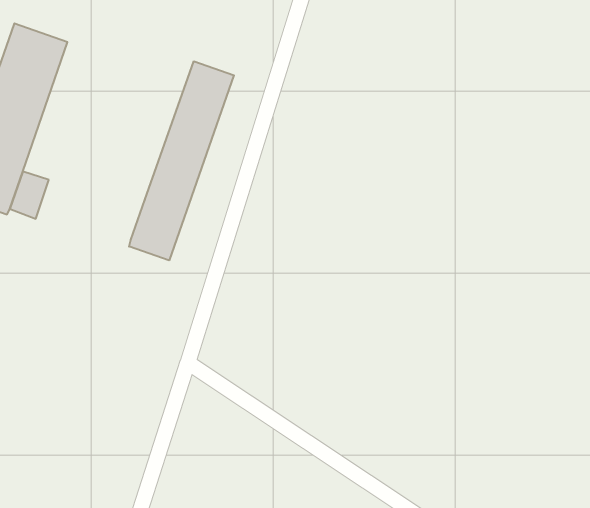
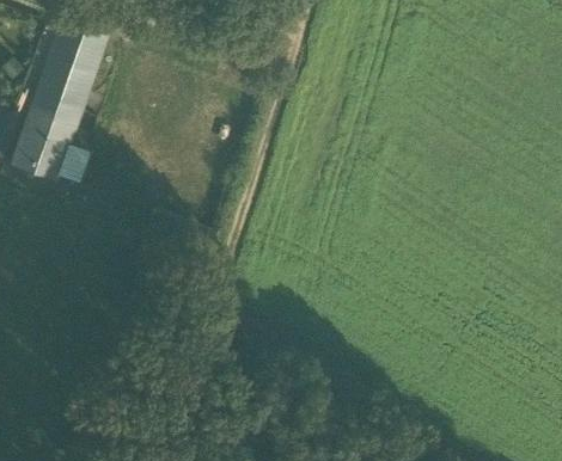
building: [129,61,234,260] -> none

